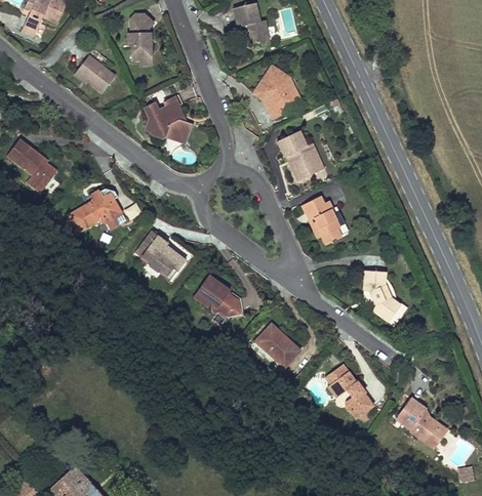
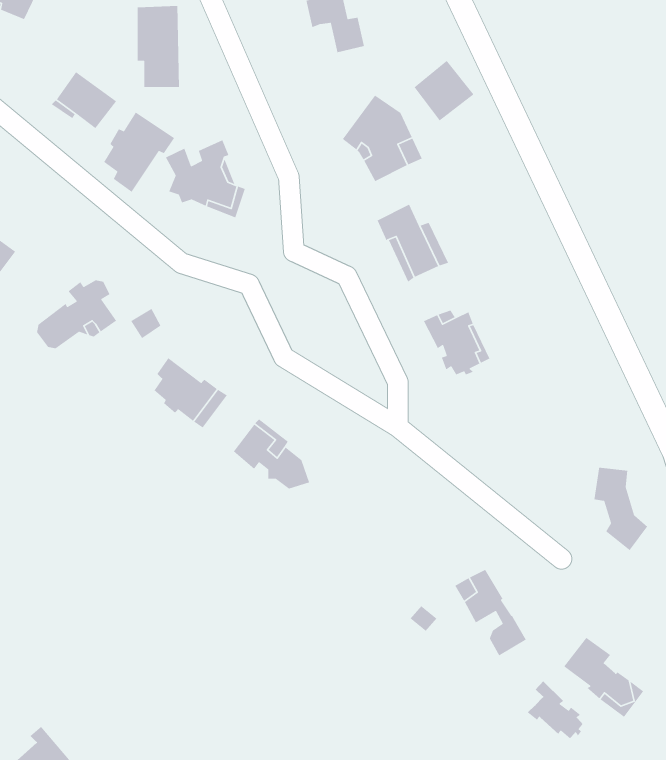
building: none -> [413,60,475,122]
building: none -> [103,112,175,193]
building: [366,272,400,324] -> [594,467,648,551]
building: [255,322,300,364] -> none
building: none -> [527,680,584,739]

